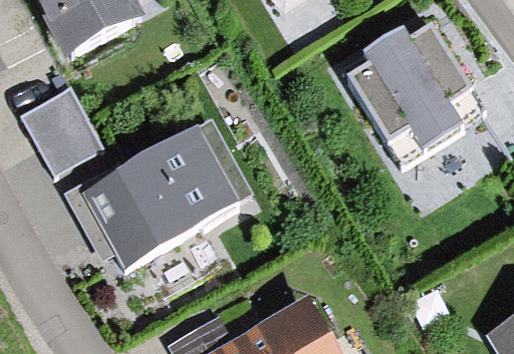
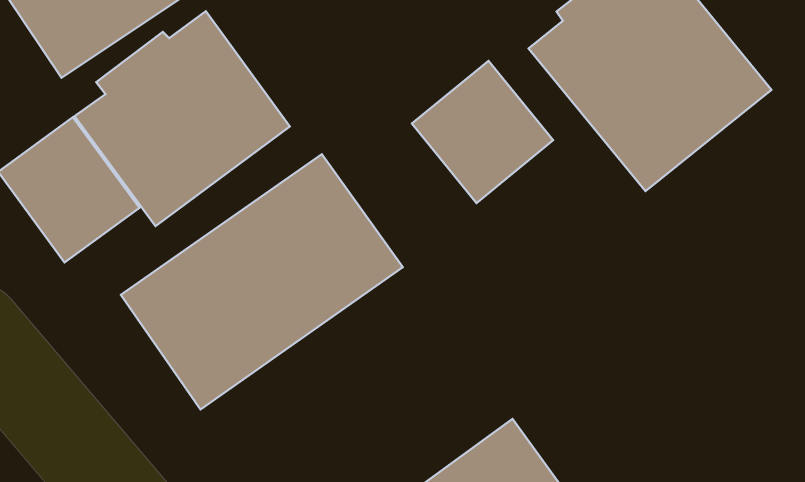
building: none -> [75,11,290,226]
building: none -> [412,61,553,203]

